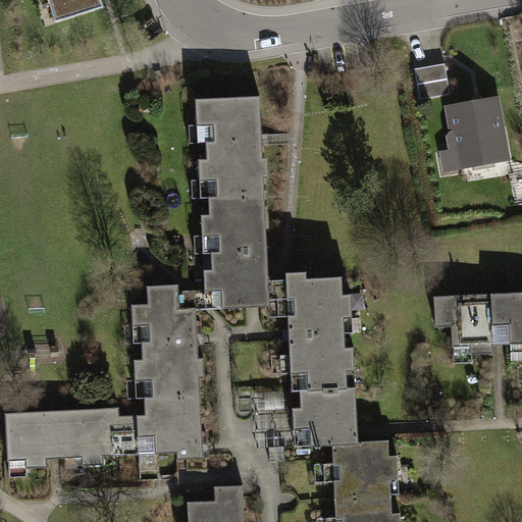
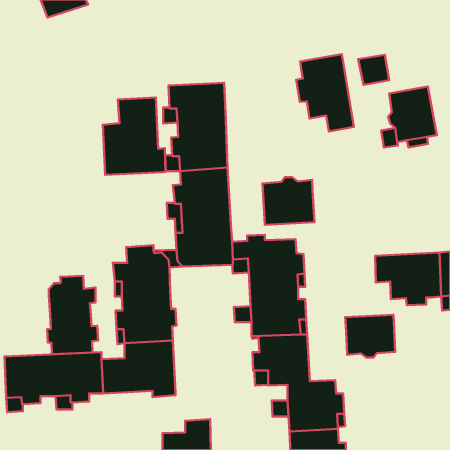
building: none -> [296,54,354,132]
building: none -> [103,98,165,175]
building: none -> [263,177,315,225]
building: none -> [47,276,98,354]
building: none -> [345,315,395,357]

